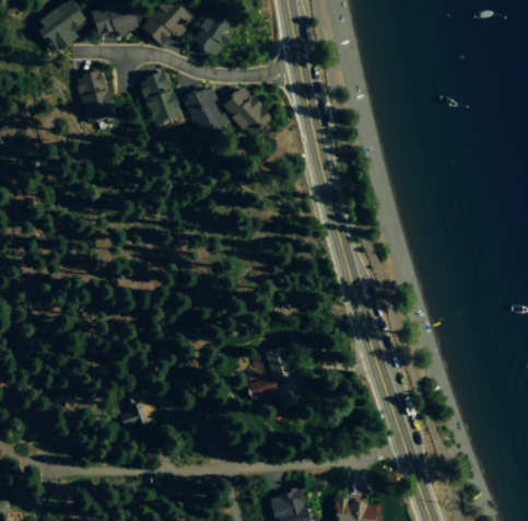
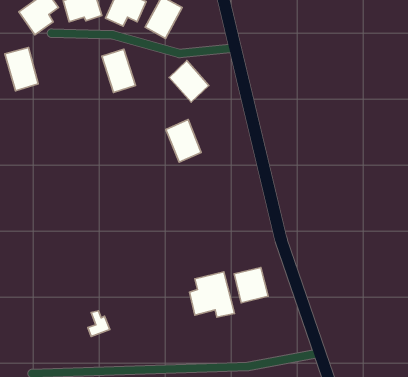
building: [75,70,117,124] -> [5,48,38,91]
building: [184,85,227,138] -> [166,120,201,162]
building: none -> [234,267,268,303]

